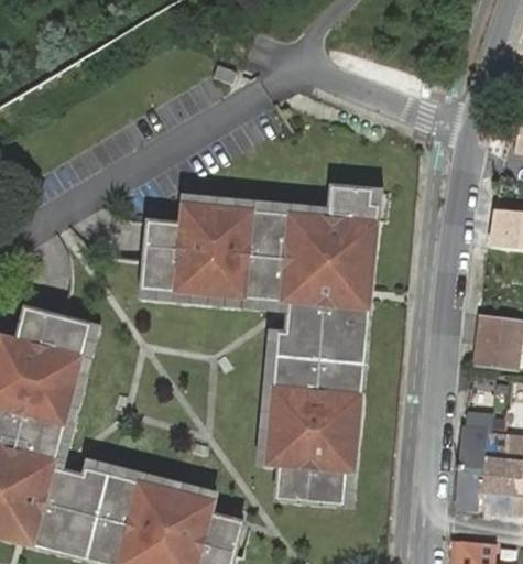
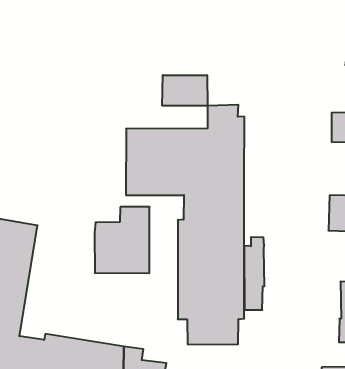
building: none -> [162,75,207,106]
building: [142,205,221,295] -> [95,207,150,273]
building: [453,415,486,512] -> [244,237,264,310]

